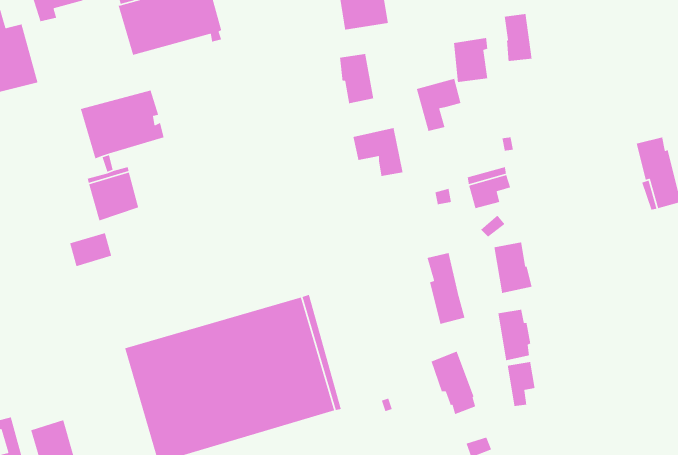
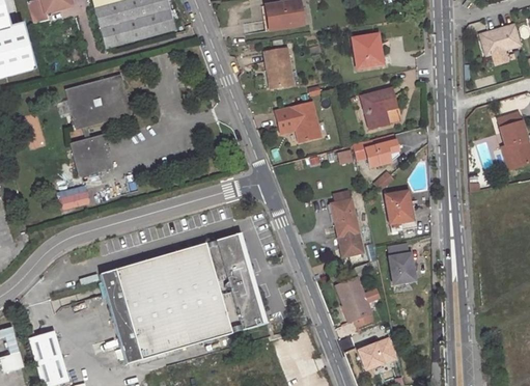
building: [504,13,533,62] -> none
building: none -> [480,23,522,54]
building: [416,78,462,132] -> [361,88,396,130]
building: [507,361,536,407] -> none

